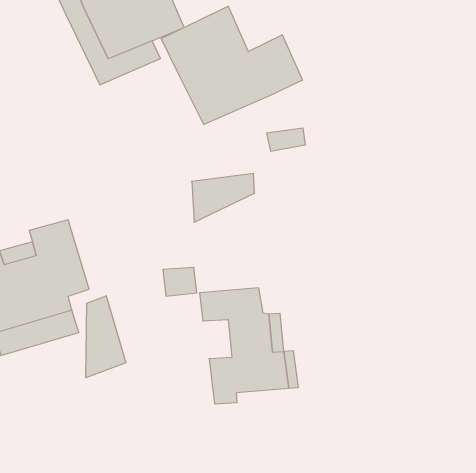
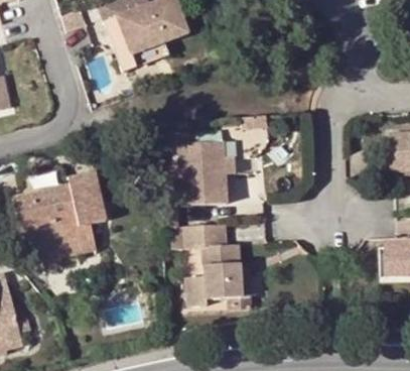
building: [161,6,302,125] -> none
building: none -> [183,156,230,207]
building: [86,296,126,378] -> none

